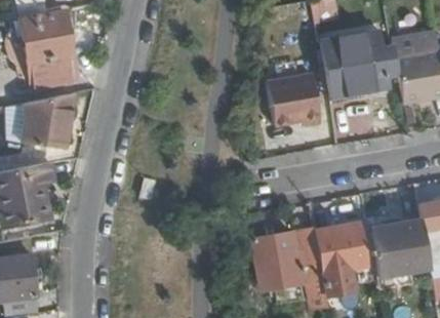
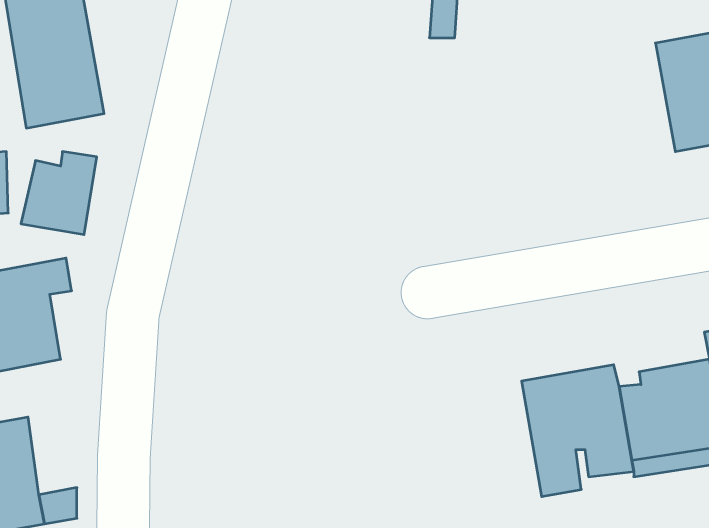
building: [319,31,384,97] -> none
building: [265,73,320,126] -> none
building: [250,227,327,307] -> none

